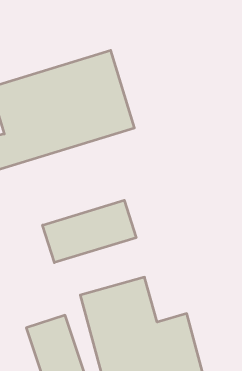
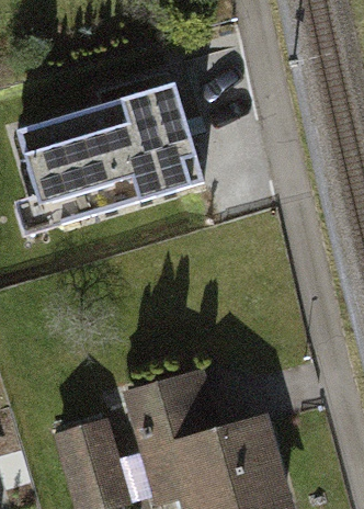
building: [43,200,136,263] -> none

